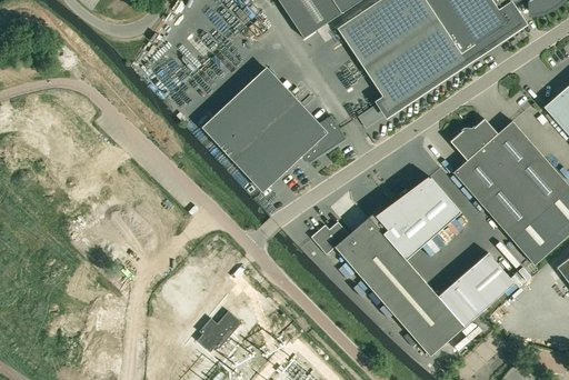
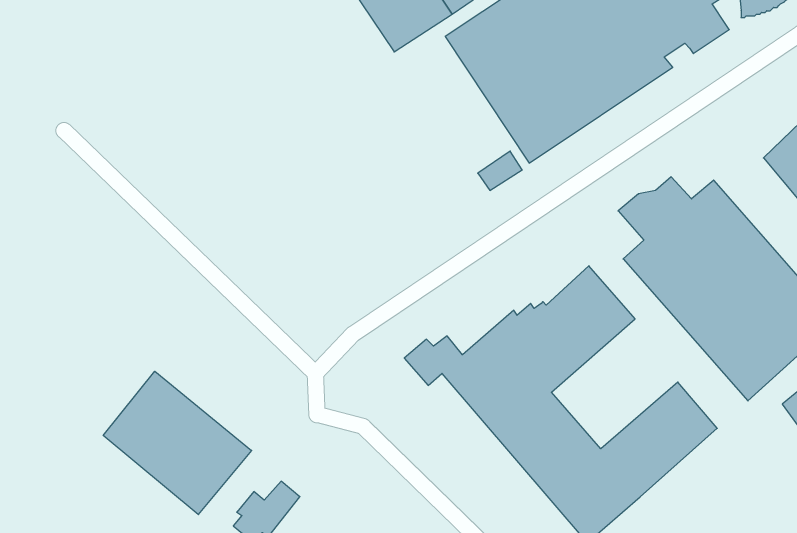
building: [203,68,347,191] -> none
building: none -> [103,371,252,515]

